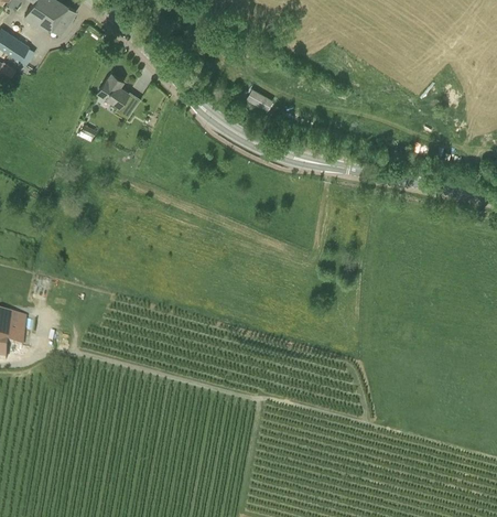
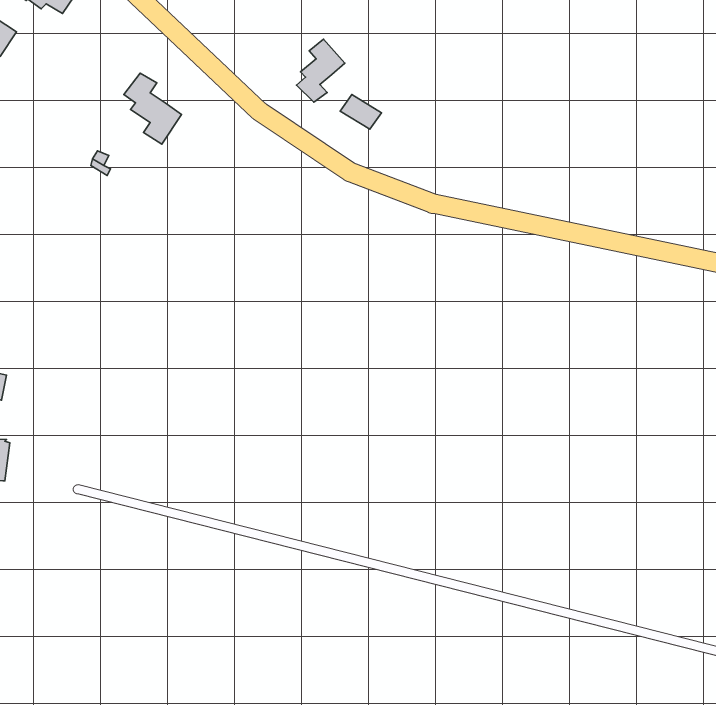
building: none -> [296,39,345,102]

